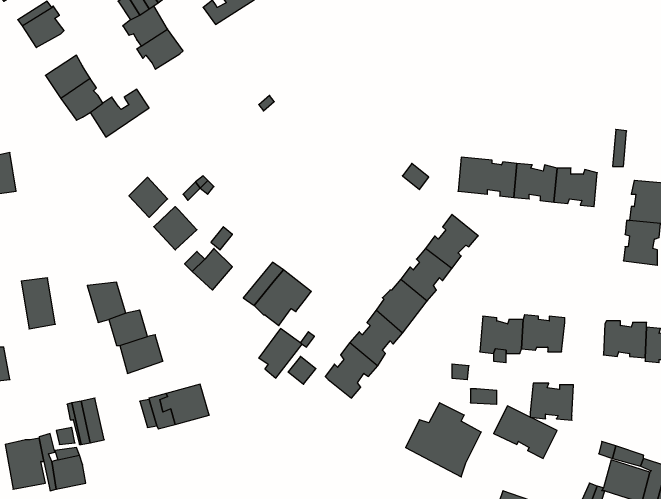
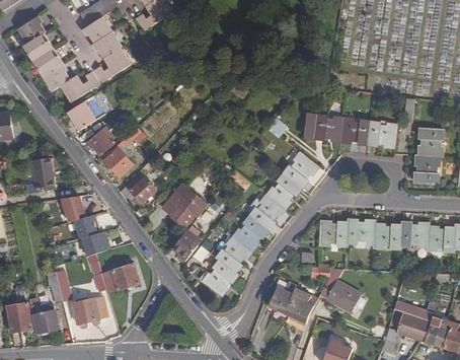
building: none -> [22,34,53,62]
building: none -> [94,48,131,82]
building: none -> [68,94,105,130]
building: [21,278,55,329] -> [34,159,57,193]
building: none -> [202,262,236,296]
building: [530,383,573,420] -> [371,224,399,248]
building: none -> [73,297,106,326]

